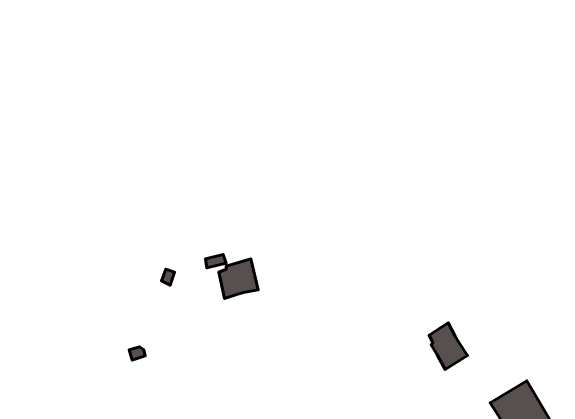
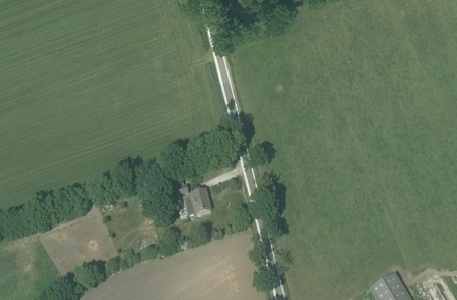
building: [429,323,468,370] -> none

